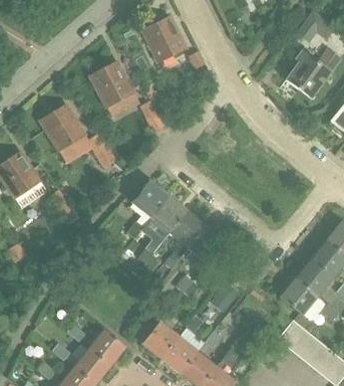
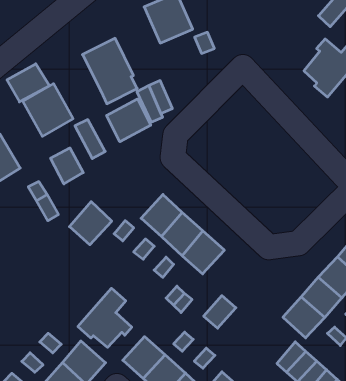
building: none -> [7,64,49,102]
building: none -> [107,99,151,142]
building: none -> [51,148,83,184]
building: [130,179,167,217] -> [69,202,112,245]
building: none -> [78,288,132,347]

